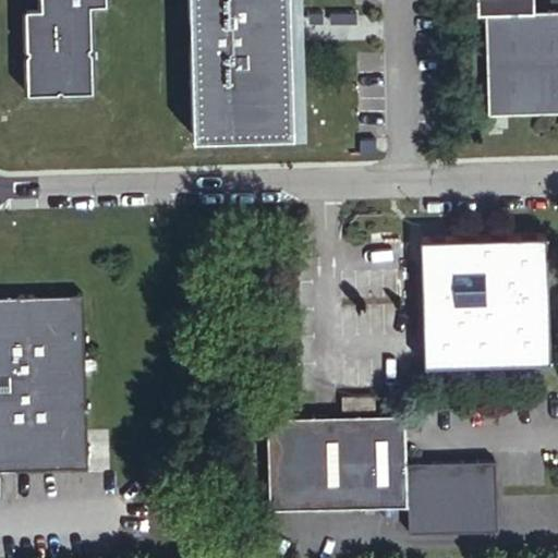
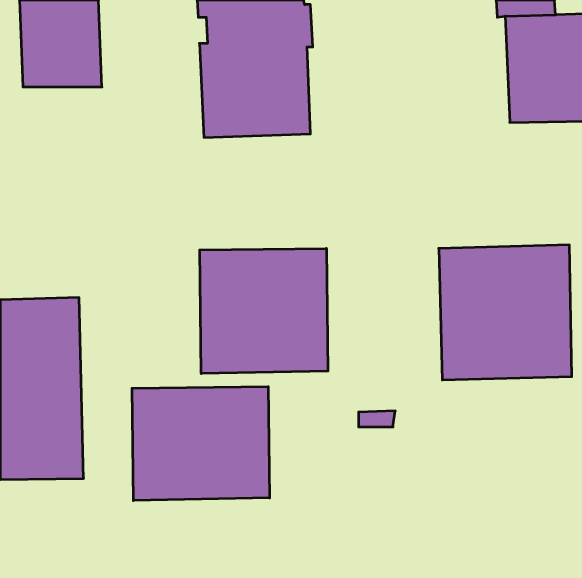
building: none -> [200,248,328,374]
building: none -> [132,387,270,501]
building: [267,416,496,537] -> none

